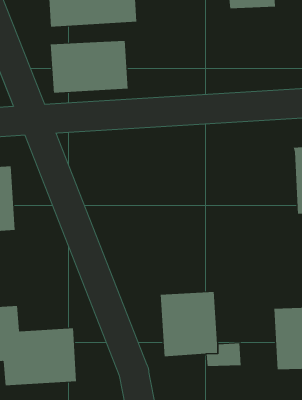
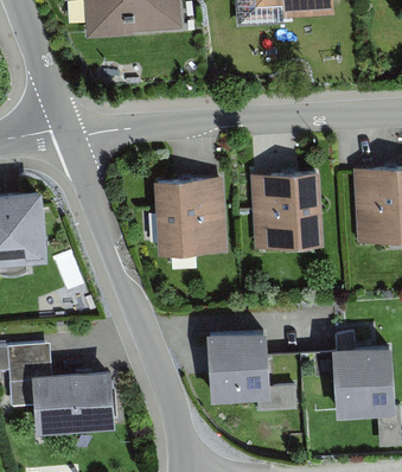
building: [50,40,128,94] -> none
building: none -> [249,170,323,249]
building: none -> [153,178,226,256]

